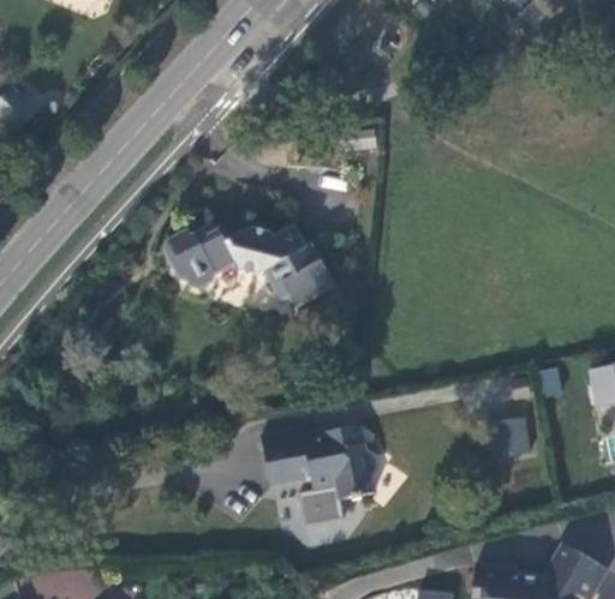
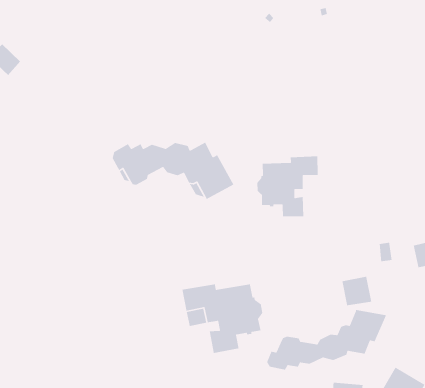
building: none -> [257,156,319,217]
building: none -> [266,309,387,371]

